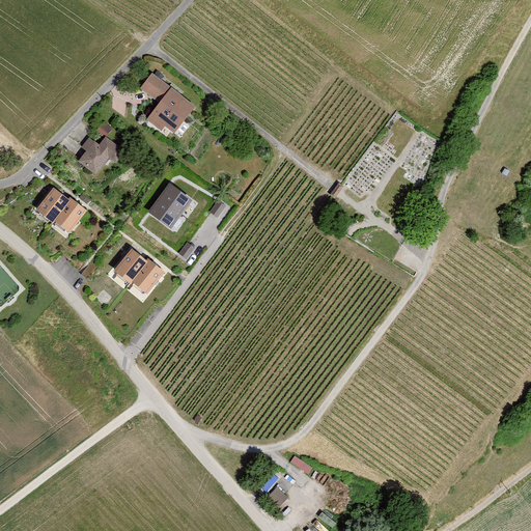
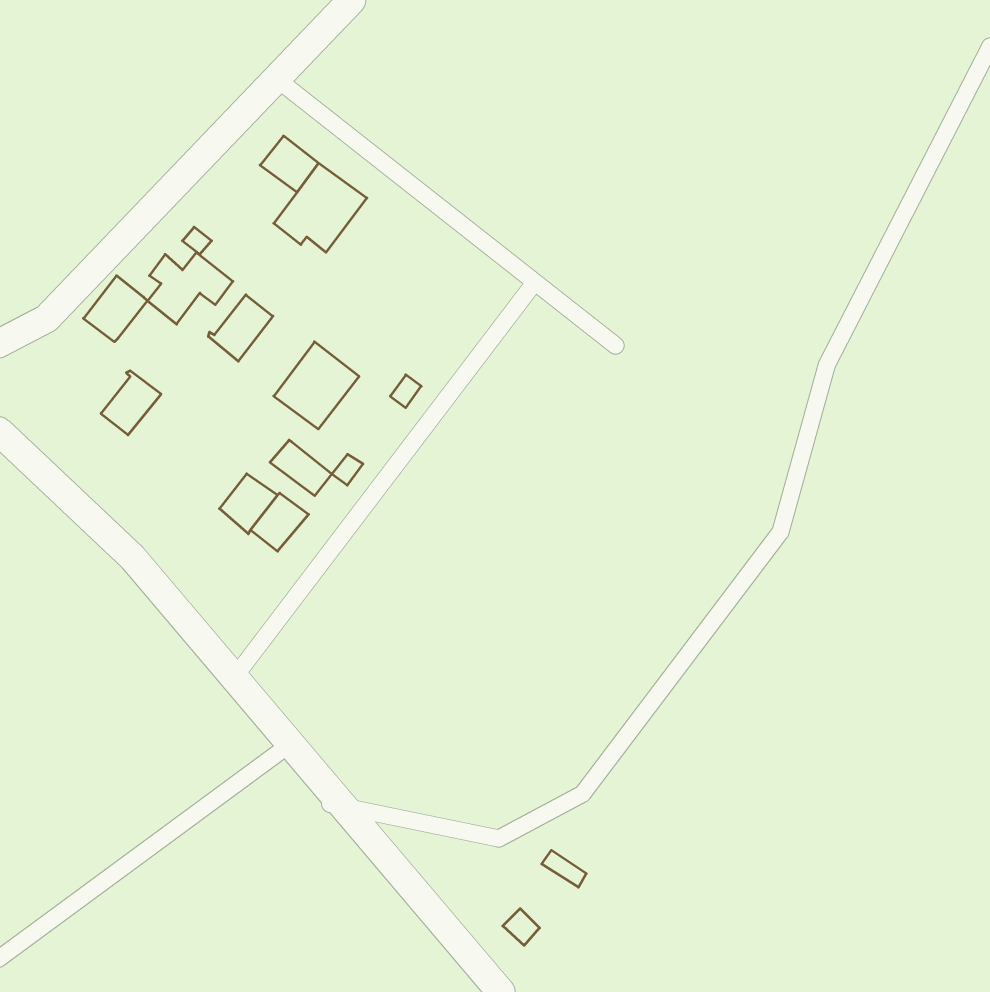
building: none -> [208,295,273,361]
building: [35,188,69,223] -> [83,276,148,342]
building: none -> [270,440,332,496]

